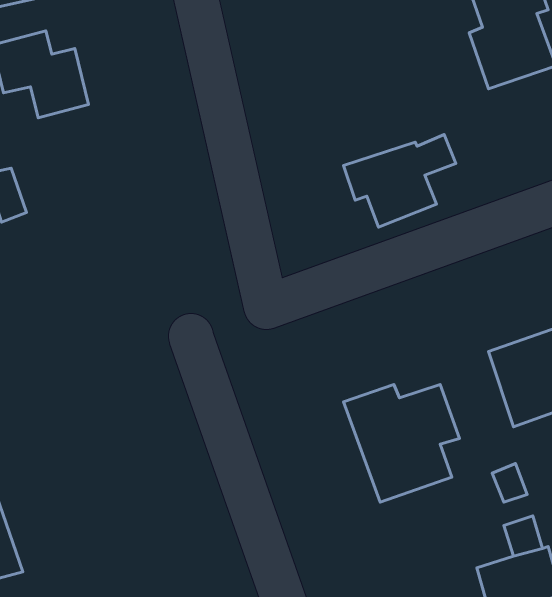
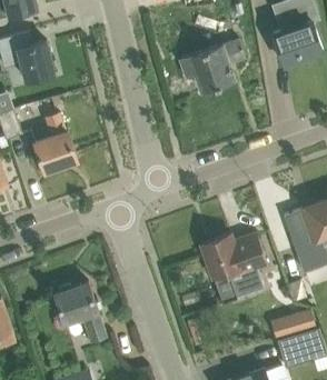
building: [344,135,456,227] -> [180,41,245,94]
building: none -> [33,113,77,172]
building: none -> [54,282,106,342]

